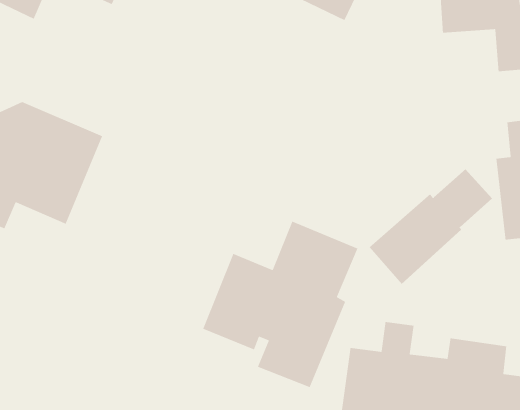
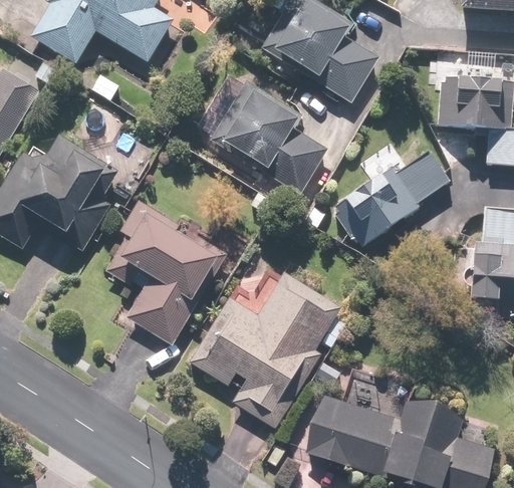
building: none -> [211,81,325,192]
building: none -> [107,201,223,341]
building: [369,168,493,285] -> [333,152,450,248]

